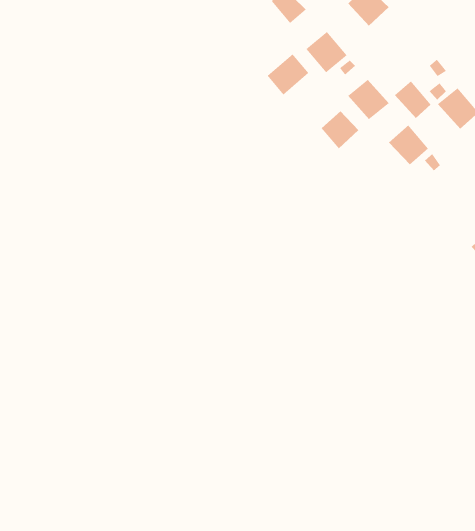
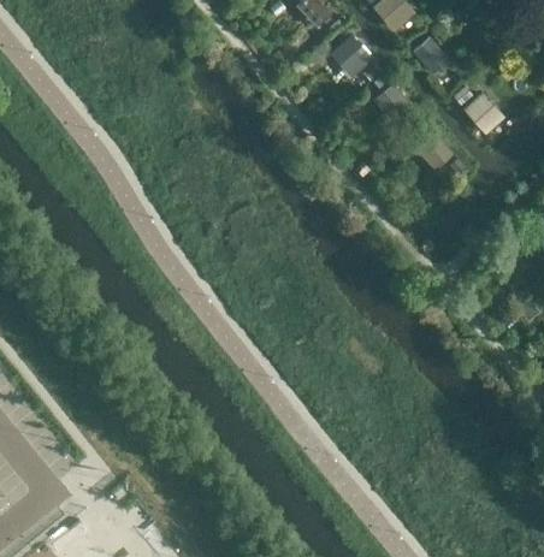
building: [267,53,309,95] -> none
building: [394,81,431,119] -> [414,37,451,76]
building: [321,110,359,149] -> none

